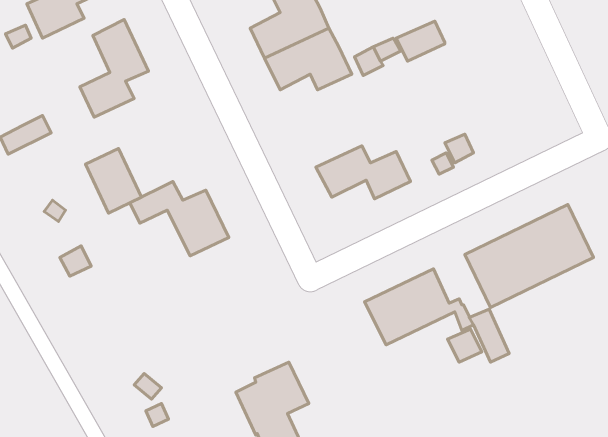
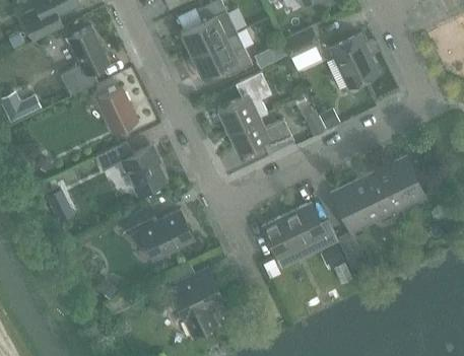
building: none -> [331,35,380,88]
building: none -> [217,73,272,132]
building: [86,149,141,213] -> [97,87,137,133]
building: none -> [121,207,194,260]

